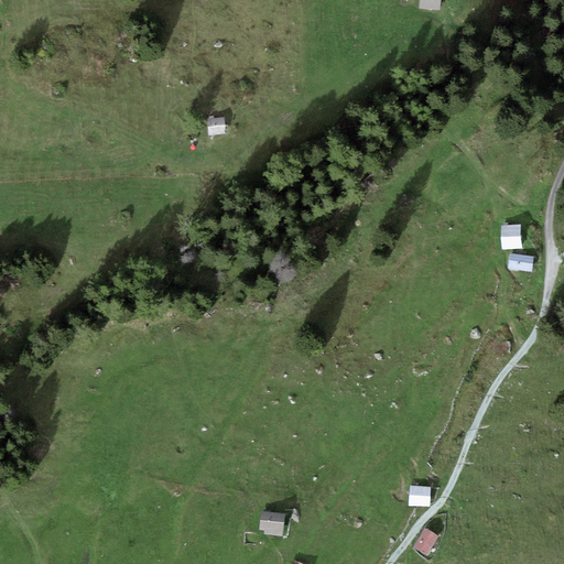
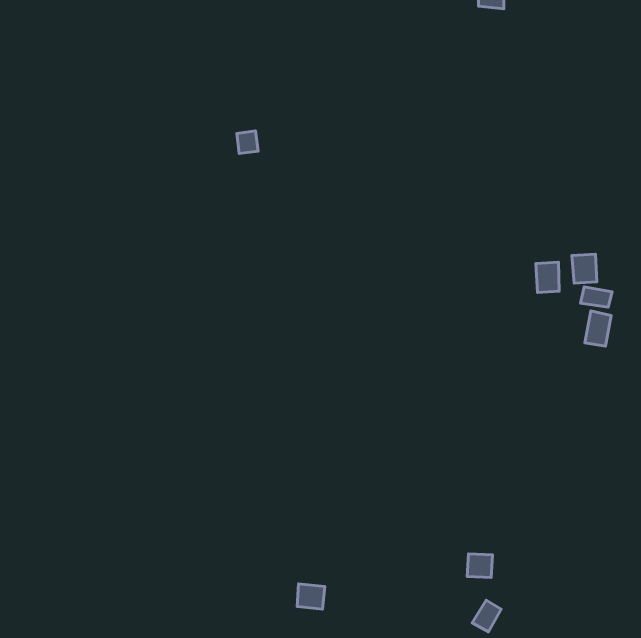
building: none -> [536,262,559,293]
building: none -> [585,311,611,346]

